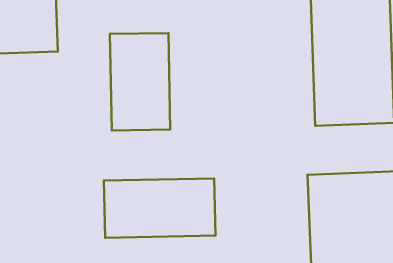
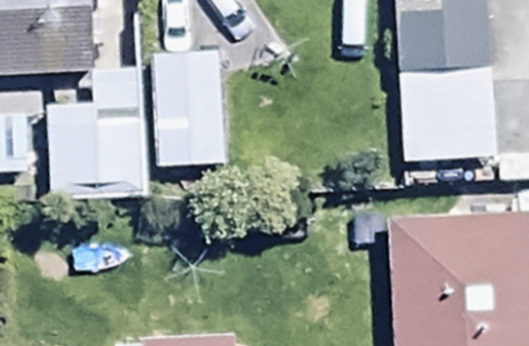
building: none -> [48,69,148,201]
building: [104,178,215,238] -> none

